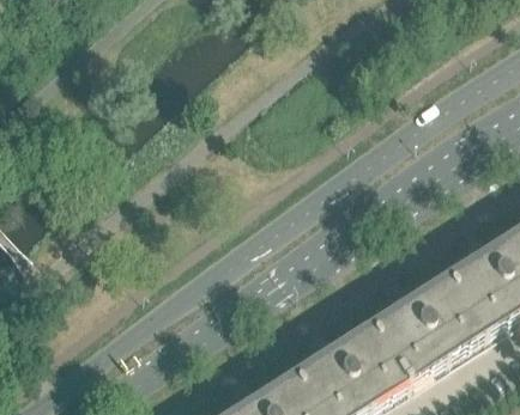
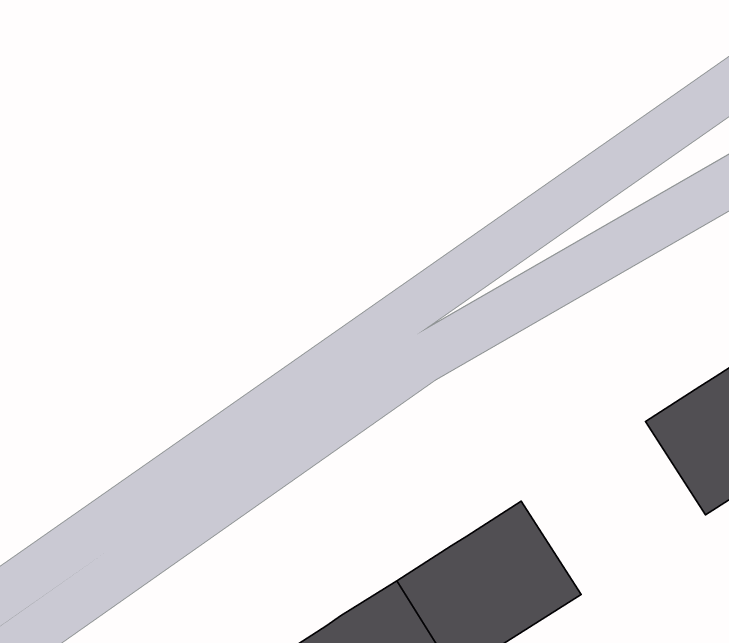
building: [365,277,479,384] -> none

